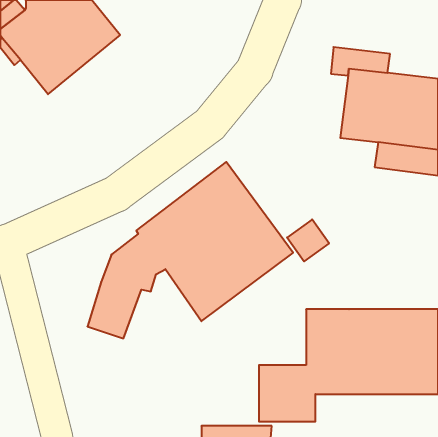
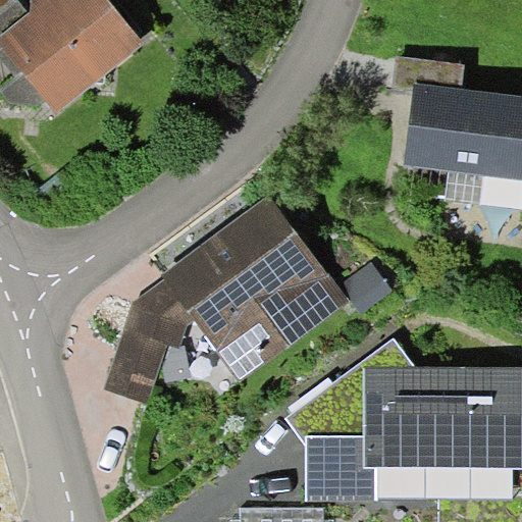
building: none -> [288,338,415,447]

